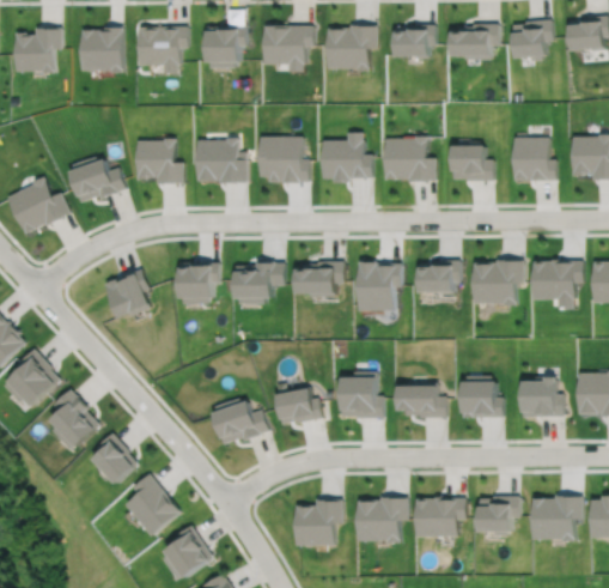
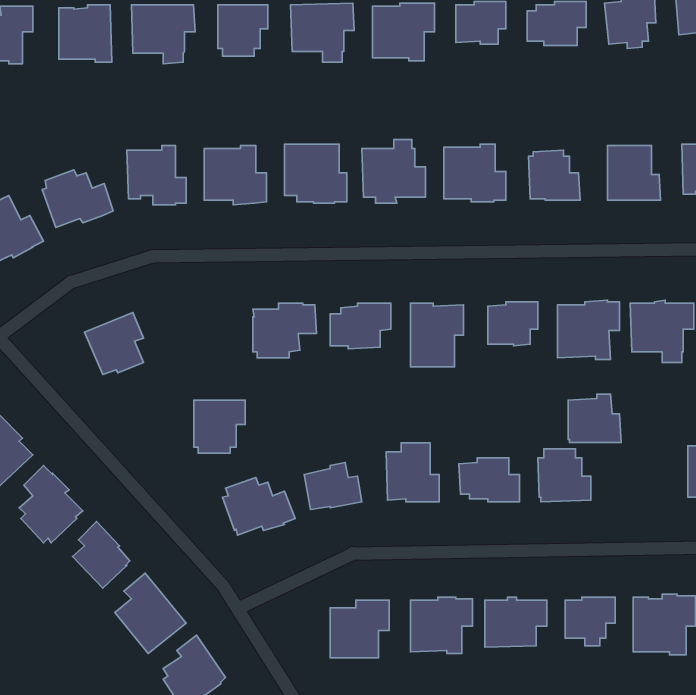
building: [178,263,219,305] -> [194,400,245,453]
building: [520,380,562,418] -> [568,394,621,443]

